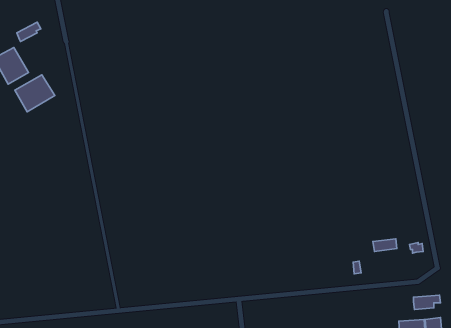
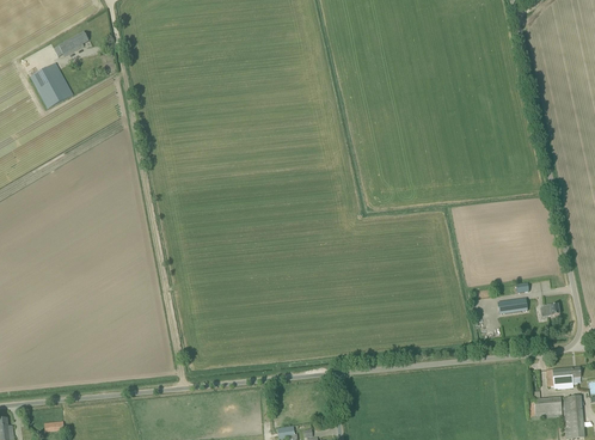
building: [15,75,55,112] -> none

